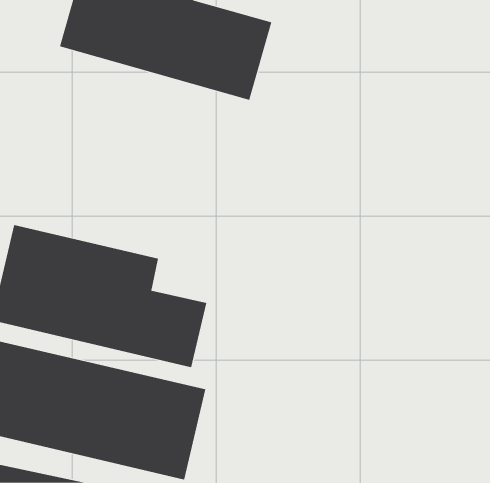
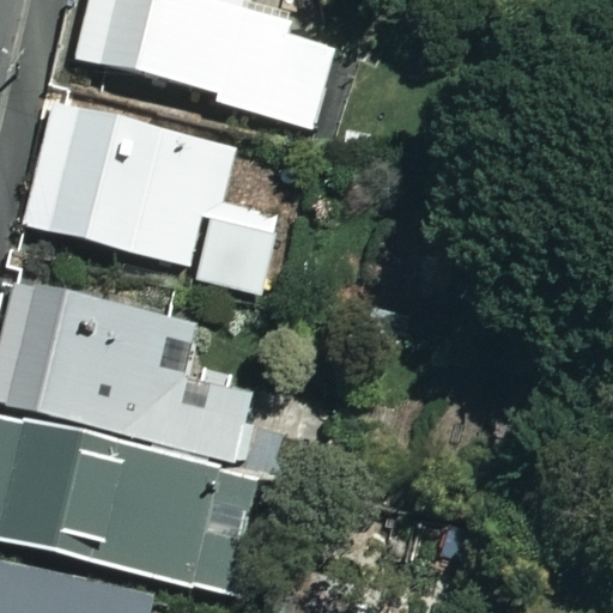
building: none -> [23,101,279,295]

